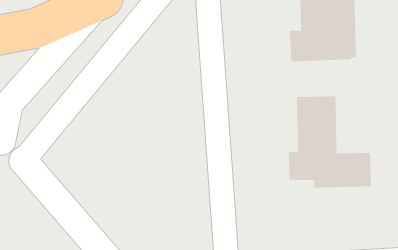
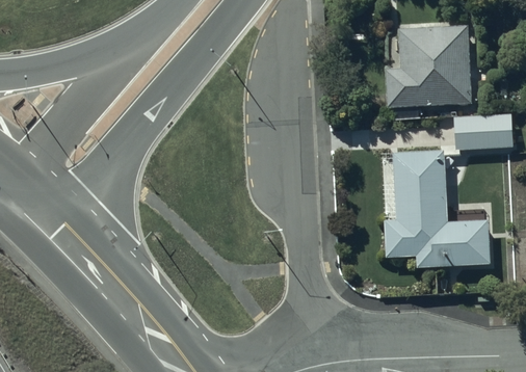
building: none -> [454,115,512,150]

